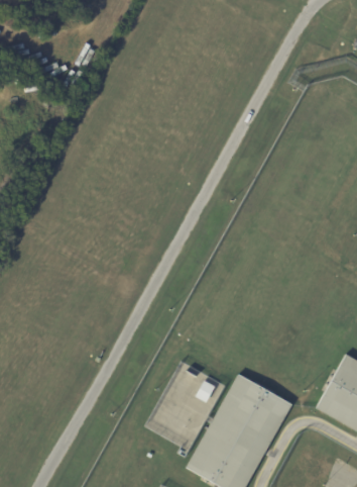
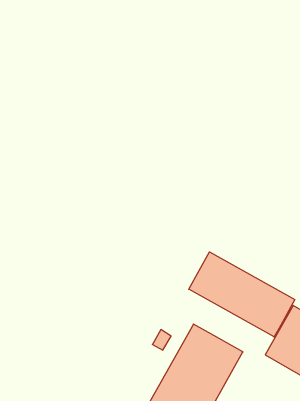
building: none -> [189,252,295,337]

